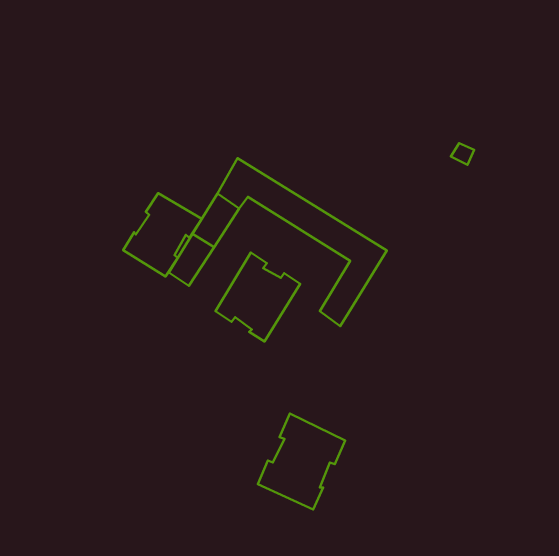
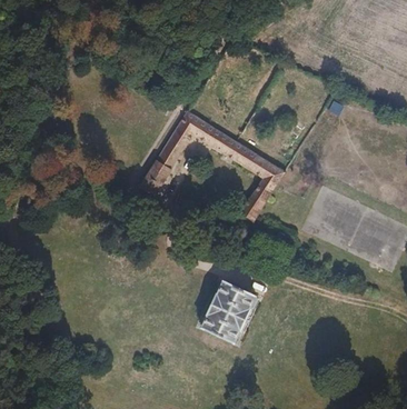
building: [123,193,202,277] -> none
building: [216,252,300,341] -> none

